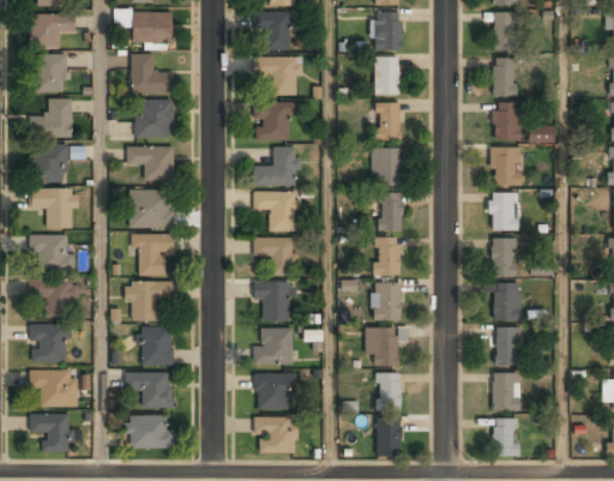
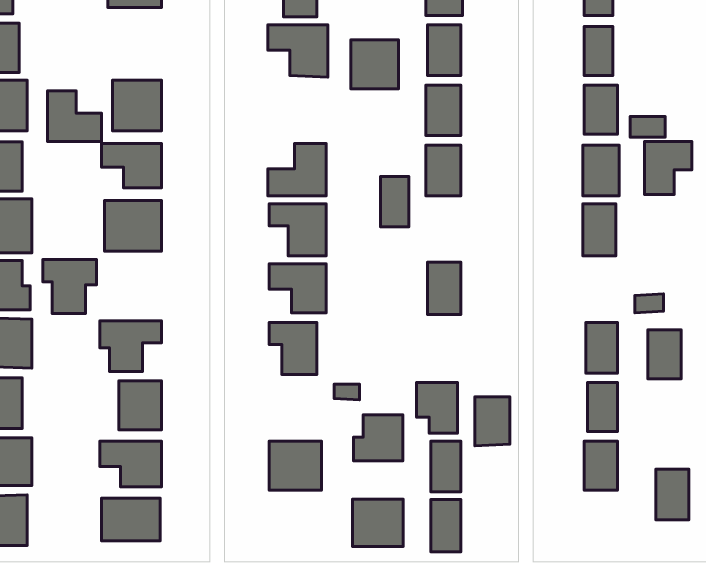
building: [132,54,173,92] -> [48,91,101,141]
building: [255,102,291,139] -> [351,40,398,89]
building: none -> [645,141,692,194]
building: [380,192,402,230] -> [380,176,409,227]
building: [132,234,173,275] -> [43,260,97,313]
building: [492,239,517,276] -> [648,330,681,379]
building: [373,283,399,320] -> [475,397,510,446]
building: [254,329,291,363] -> [354,415,403,461]
building: [255,416,294,452] -> [352,499,403,546]
building: [493,417,518,456] -> [656,469,689,520]

